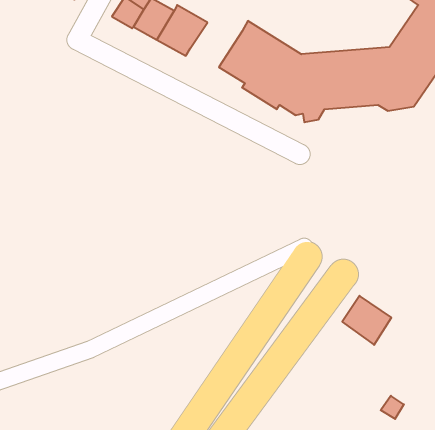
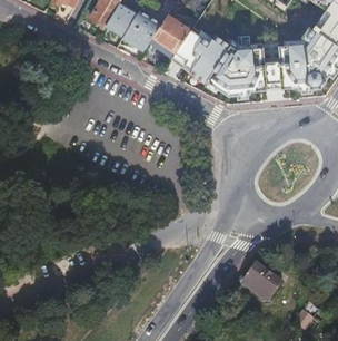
building: none -> [149,13,189,57]
building: [342,296,391,345] -> [245,264,282,302]

